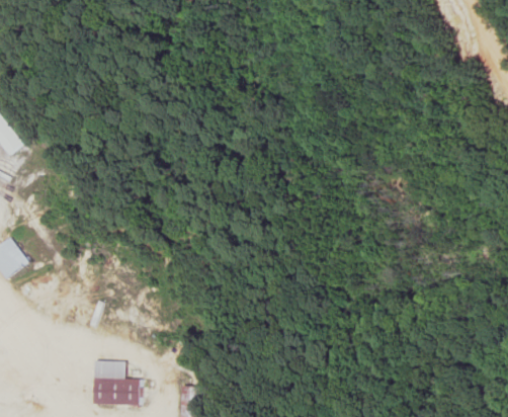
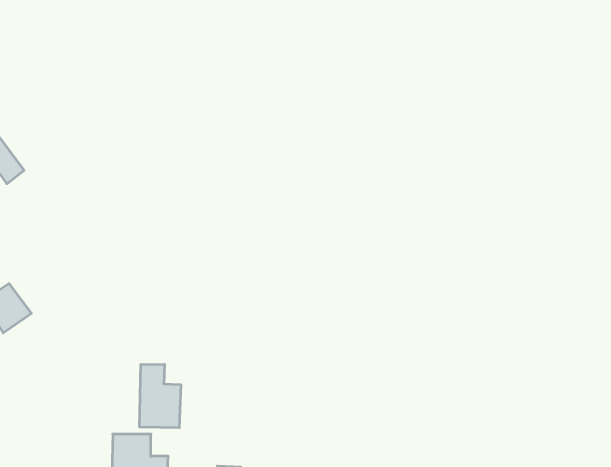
building: none -> [140,364,181,428]

